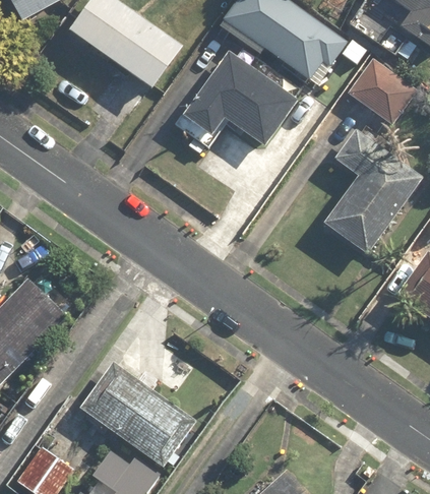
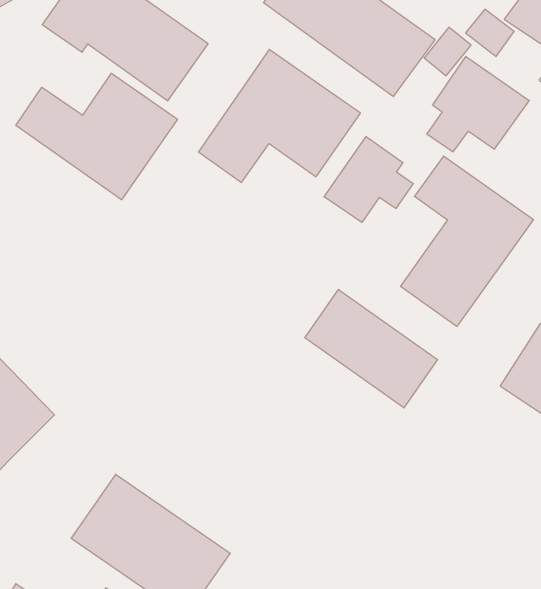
building: none -> [16,73,177,200]
building: none -> [324,136,413,222]
building: none -> [305,289,438,408]

